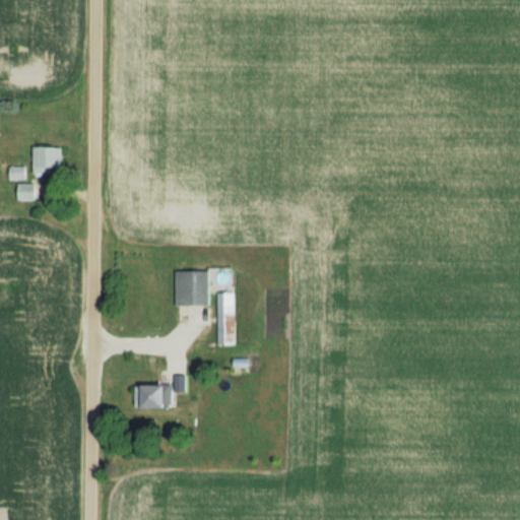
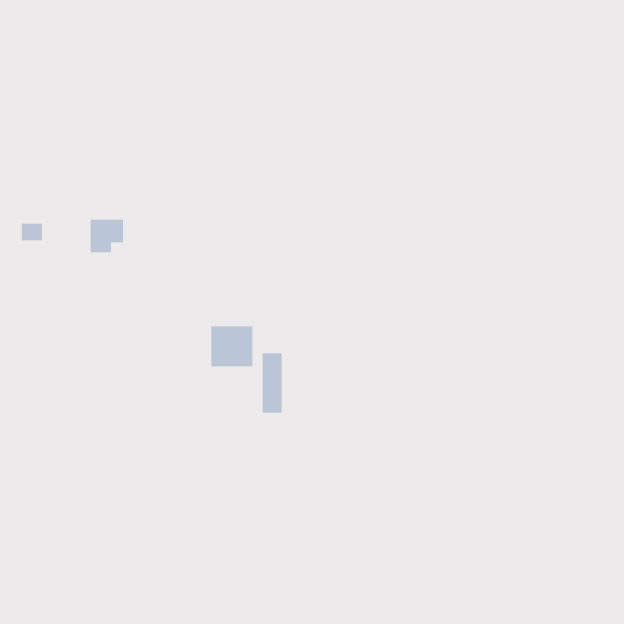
building: [34,147,62,176] -> [90,219,124,253]
building: [135,385,170,407] -> none

